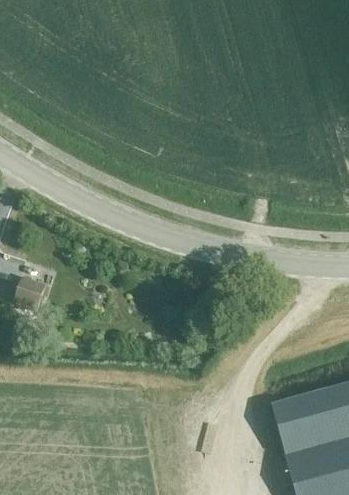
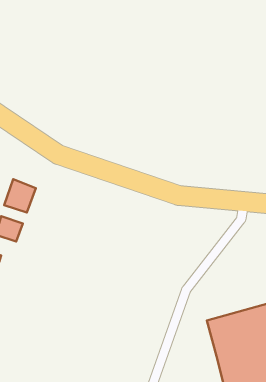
building: none -> [4,179,36,212]

